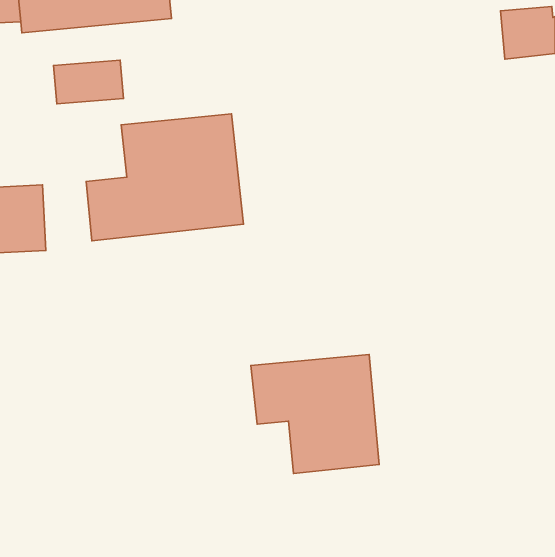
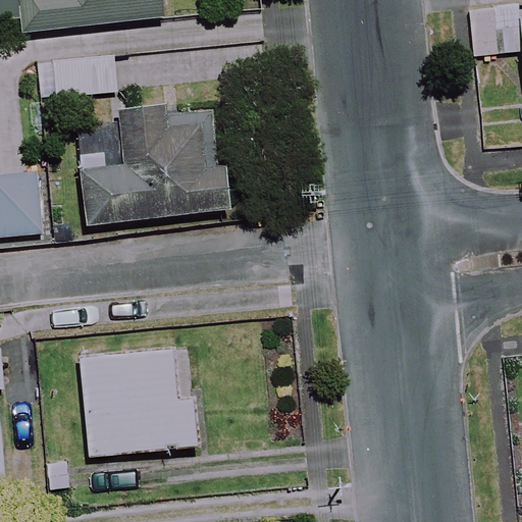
building: [251,354,379,473] -> none
building: none -> [79,346,196,456]

